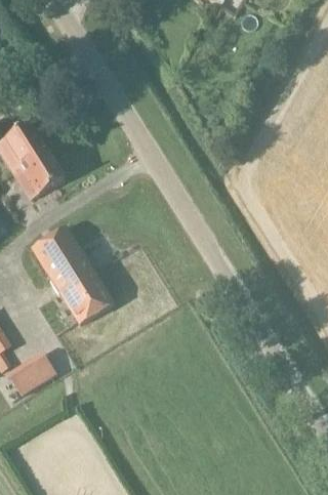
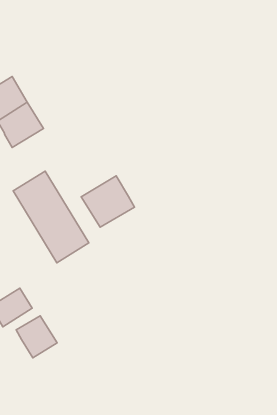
building: none -> [81,176,135,227]
building: none -> [16,316,57,358]

